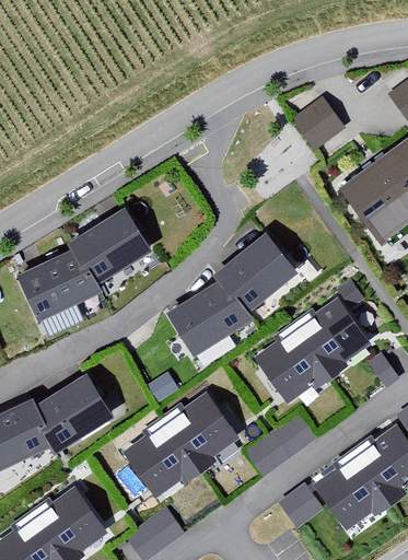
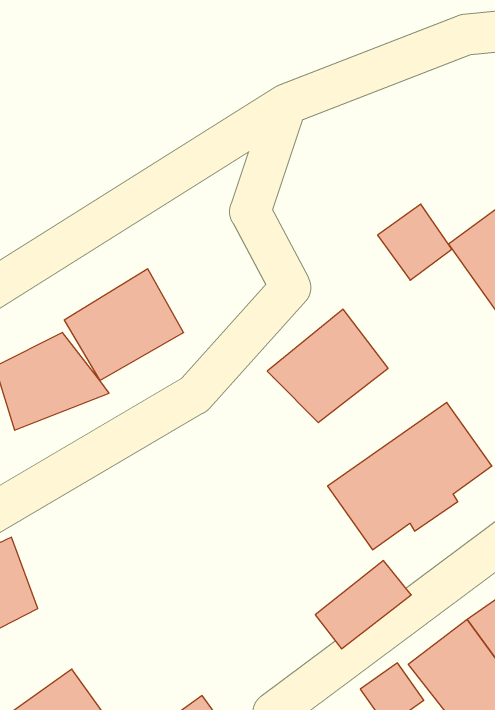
building: [292,95,345,149] -> [378,204,452,280]
building: [165,281,254,358] -> none
building: [32,364,117,451] -> none
building: [123,393,238,498] -> none

